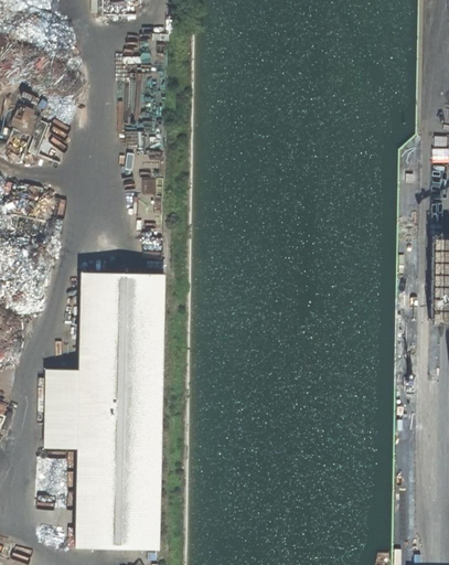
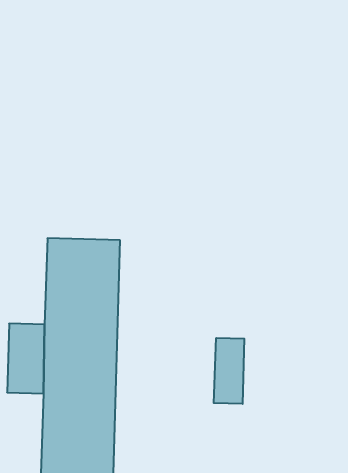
building: none -> [214,338,244,404]

